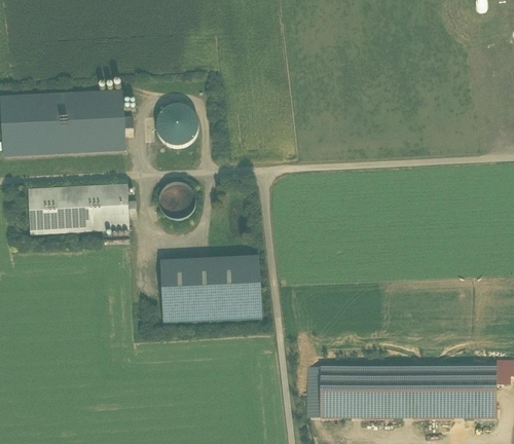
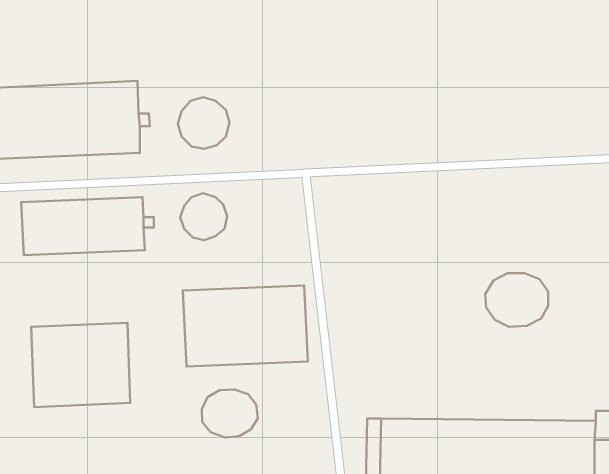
building: none -> [485,273,548,327]
building: none -> [31,323,130,407]
building: none -> [202,389,258,438]

